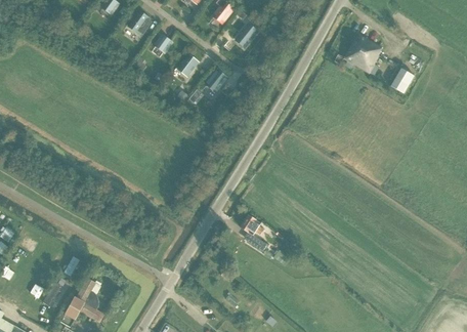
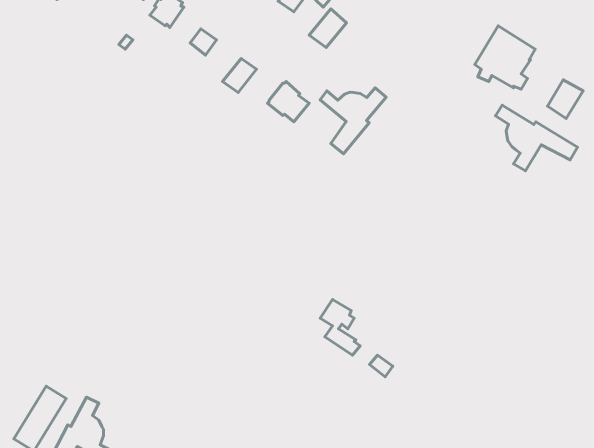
building: none -> [320,88,386,154]
building: none -> [495,105,577,171]

